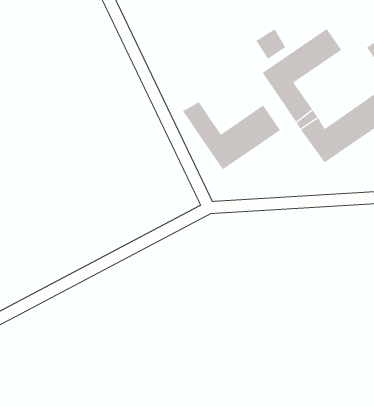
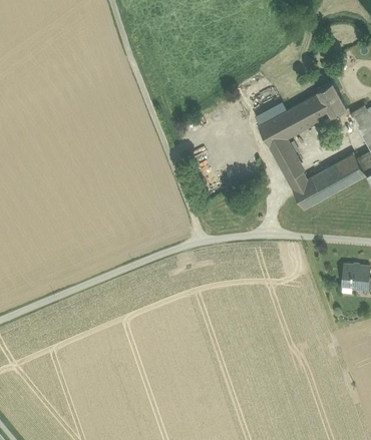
building: none -> [318,82,347,116]
building: [182,101,281,170] -> none

